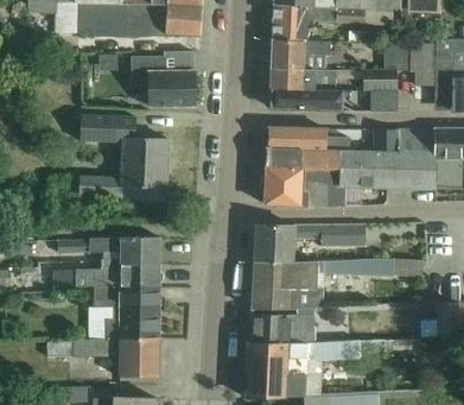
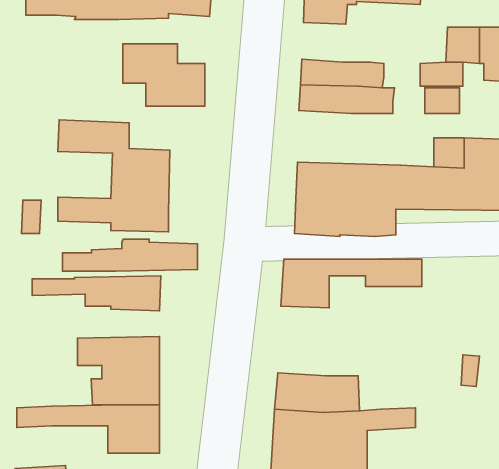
building: [271,39,330,70] -> none
building: [267,128,348,151] -> none
building: [252,259,393,310] -> none
building: [53,261,159,286] -> [63,239,198,271]

